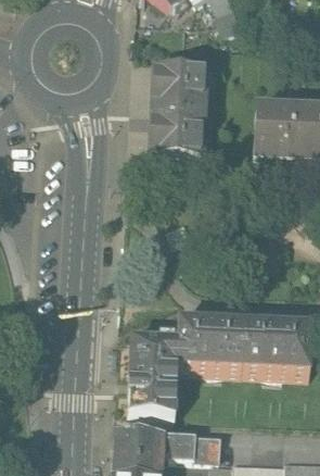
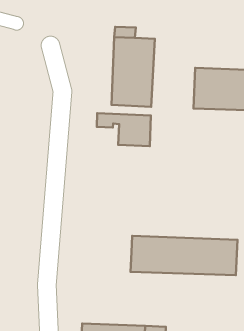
building: none -> [97,113,151,146]
building: [127,337,176,414] -> none

